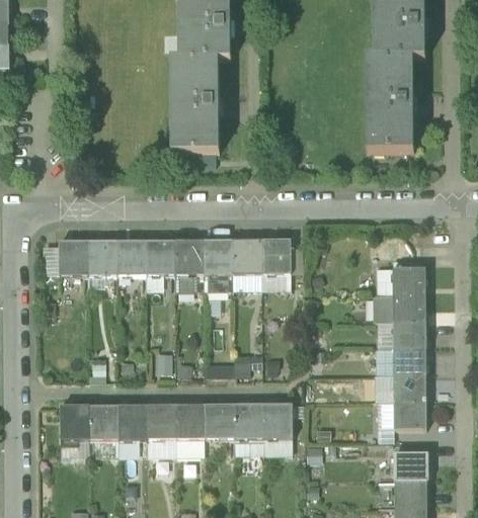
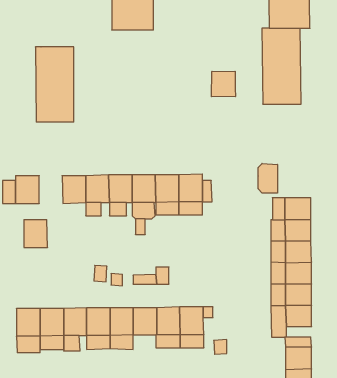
building: [170,59,218,152] -> [35,47,74,122]
building: none -> [212,71,235,97]
building: none -> [258,163,277,193]
building: [87,240,116,274] -> [24,220,48,247]

